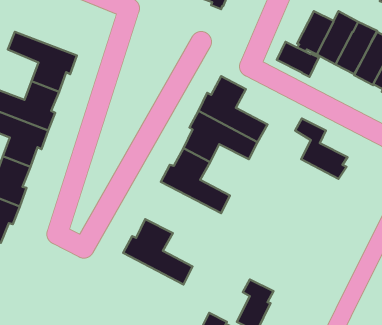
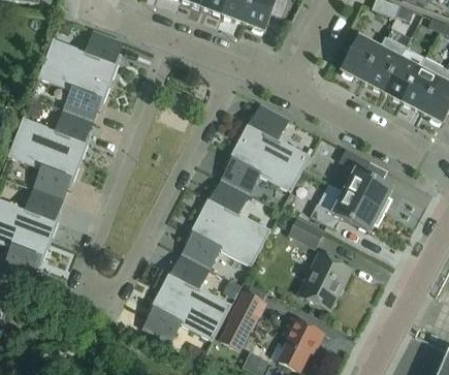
building: none -> [45,31,122,83]
building: [277,42,319,77] -> none
building: none -> [310,191,383,232]
building: none -> [182,215,261,269]
building: none -> [287,217,324,250]
building: none -> [297,251,350,308]
building: none -> [142,289,222,343]
building: none -> [219,290,265,349]

